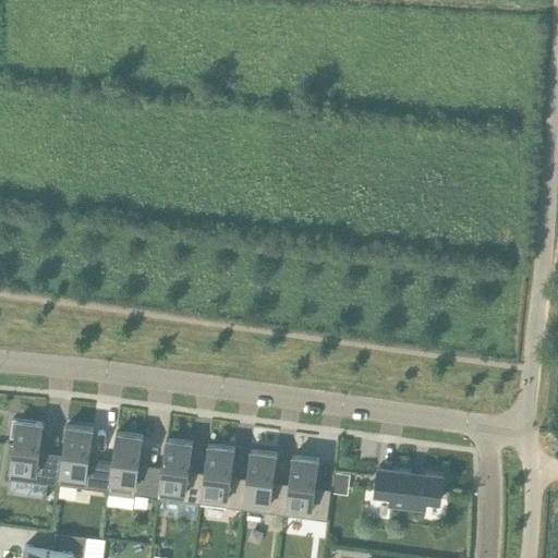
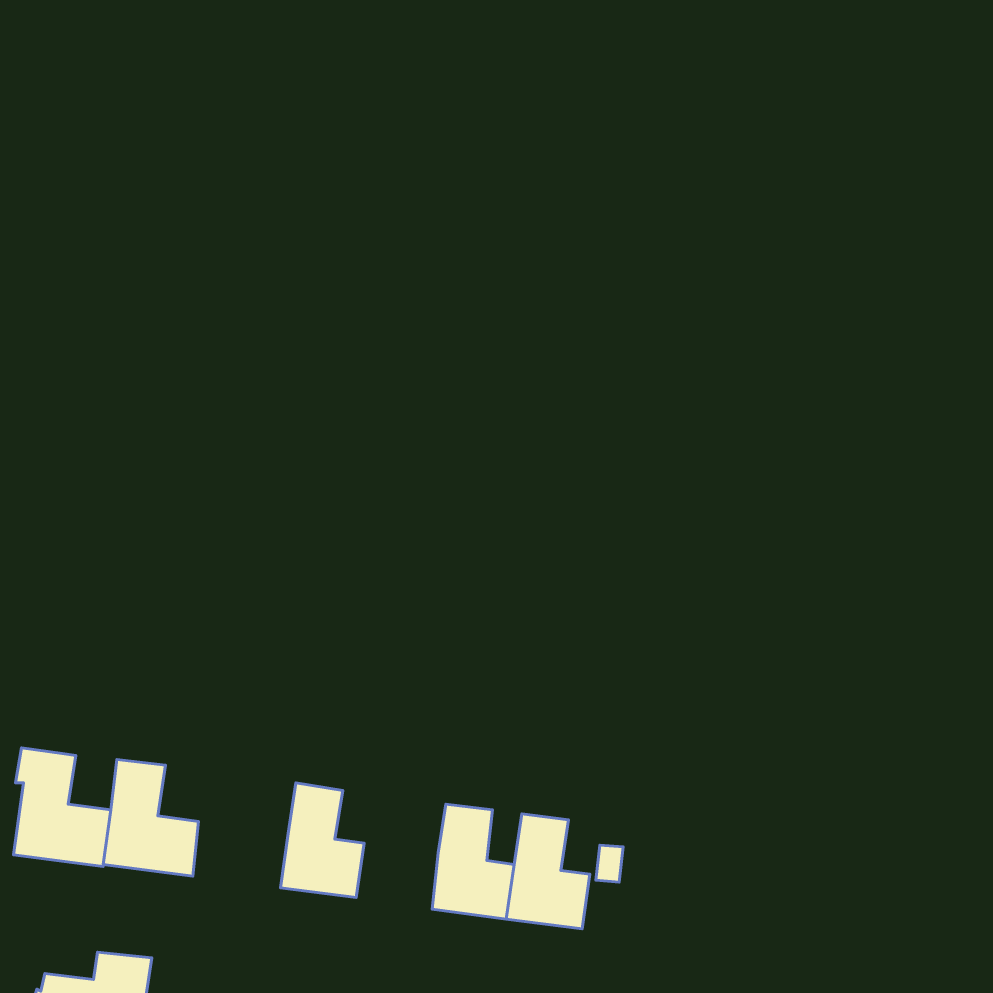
building: [108,433,161,498] -> none
building: [199,445,245,510] -> none
building: [374,468,442,510] -> none

